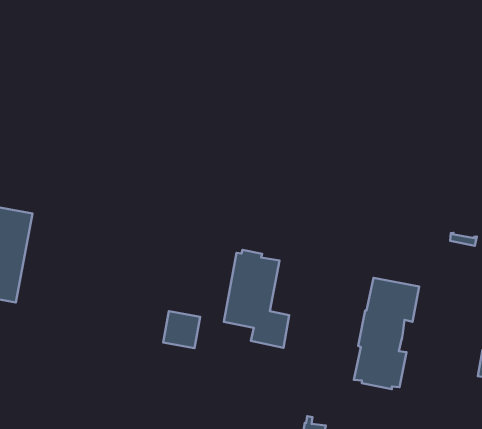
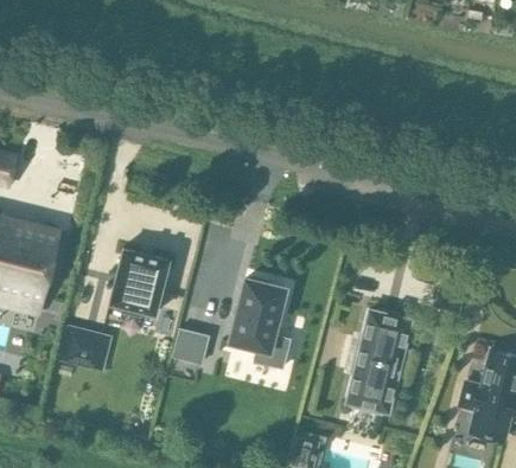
building: none -> [109,248,170,316]
building: none -> [60,326,110,370]

